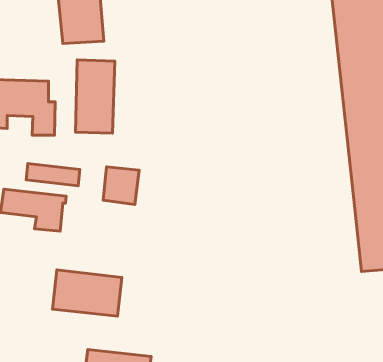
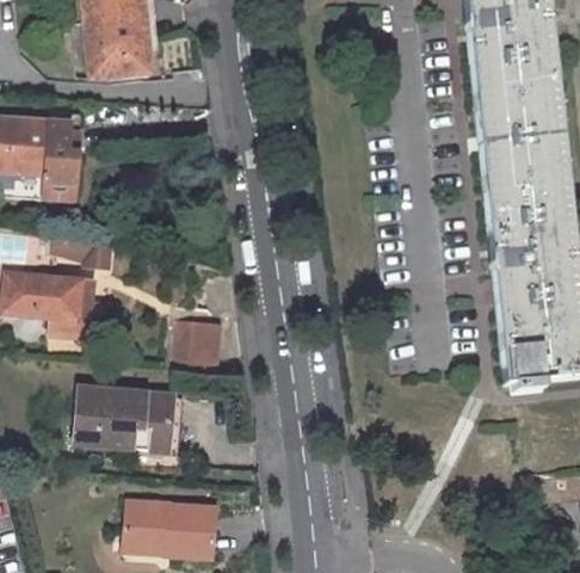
building: [75,60,115,133] -> none
building: [103,167,139,205] -> [173,320,223,372]

